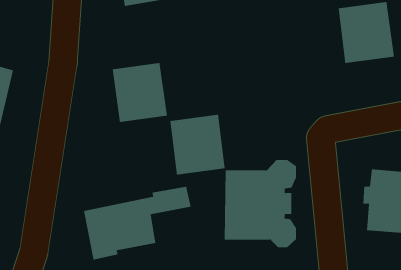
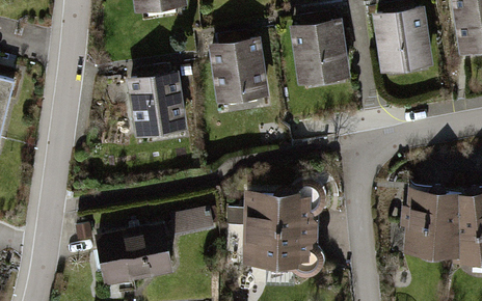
building: none -> [287,20,349,86]
building: [169,114,225,175] -> [209,37,270,104]

